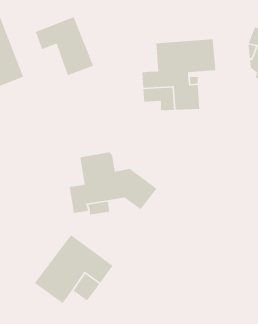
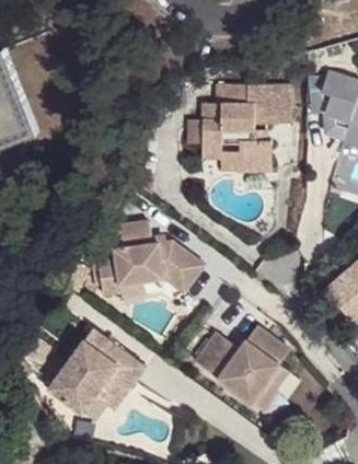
building: [35,16,94,76] -> none
building: none -> [193,330,289,414]

